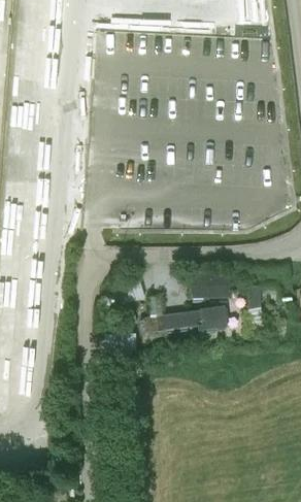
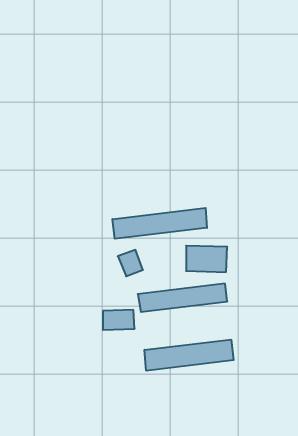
building: none -> [112,208,207,239]
building: none -> [145,340,234,371]

